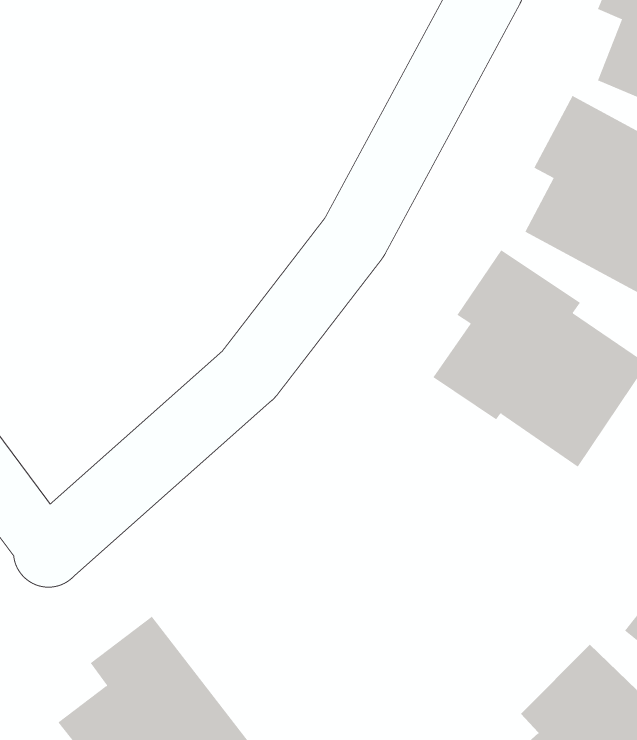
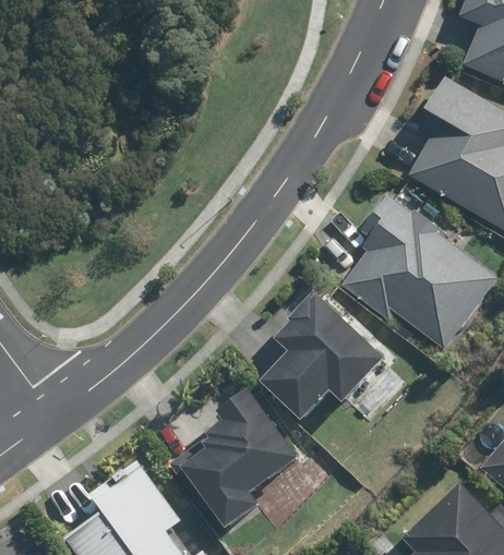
building: none -> [261,293,385,424]
building: none -> [175,387,302,532]

